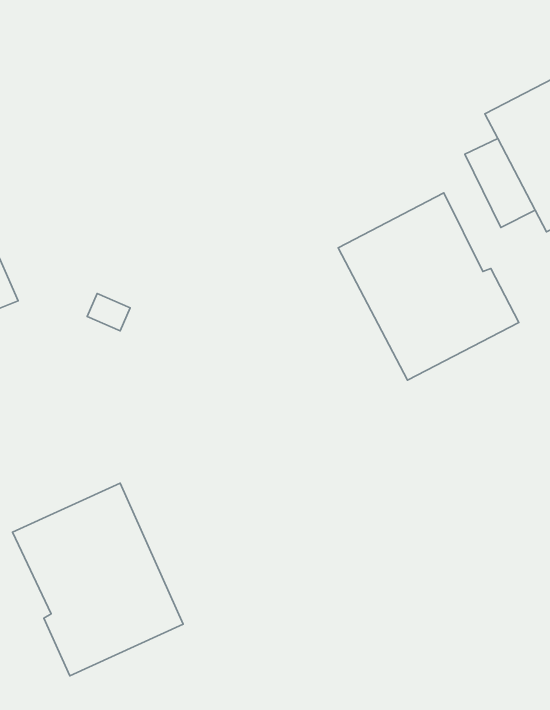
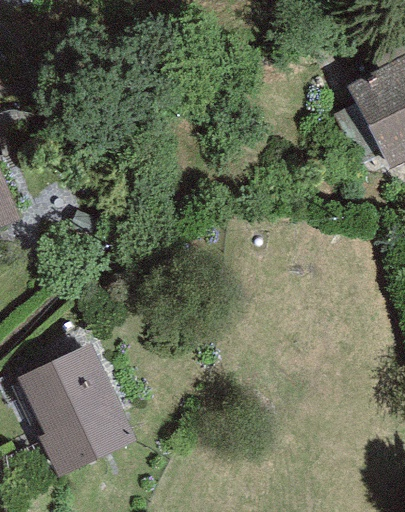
building: [338,193,519,380] -> none

